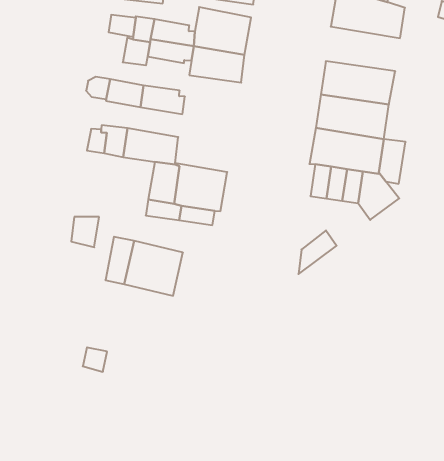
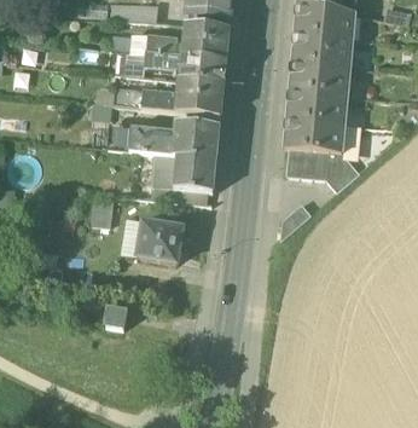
building: none -> [292,31,353,65]
building: none -> [176,79,223,115]
building: none -> [173,120,219,157]

